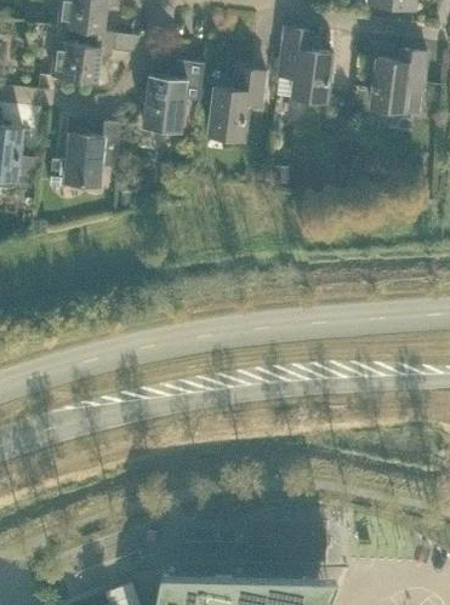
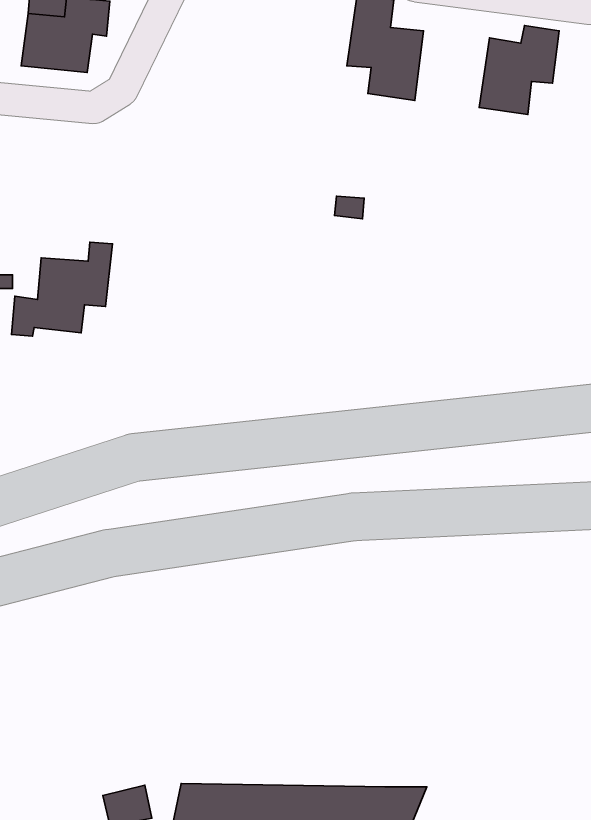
building: [143,61,204,132] -> none
building: [209,69,266,139] -> none
building: [50,122,120,188] -> [11,242,113,336]

